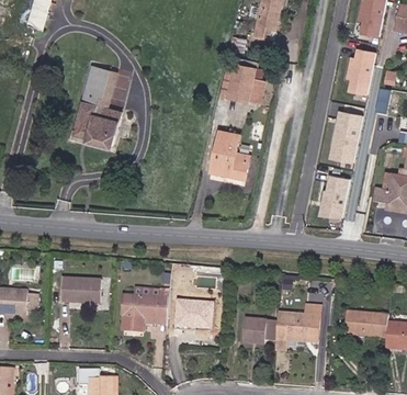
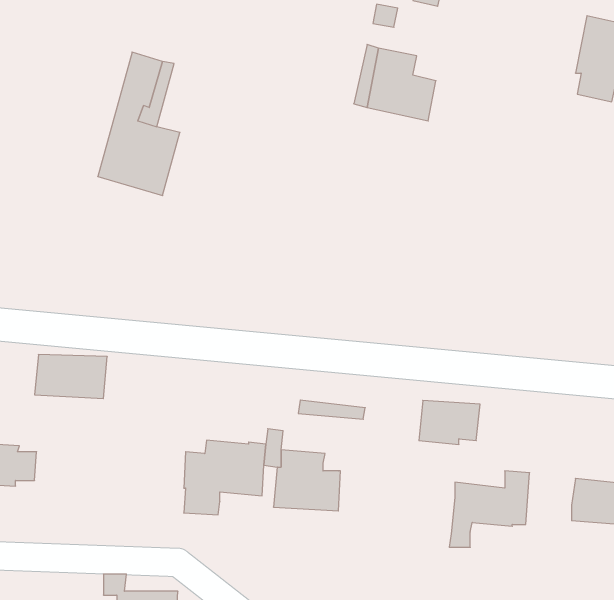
building: [328,109,364,162] -> none
building: [210,132,249,180] -> none
building: [320,173,349,217] -> none
building: [59,279,101,304] -> [35,355,107,399]
building: [242,319,278,345] -> [419,400,480,444]

